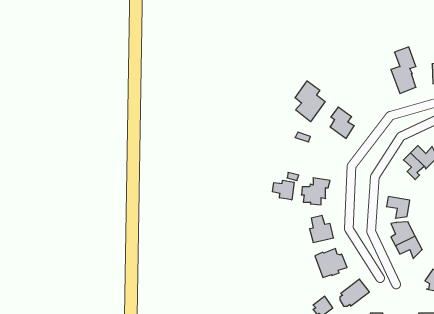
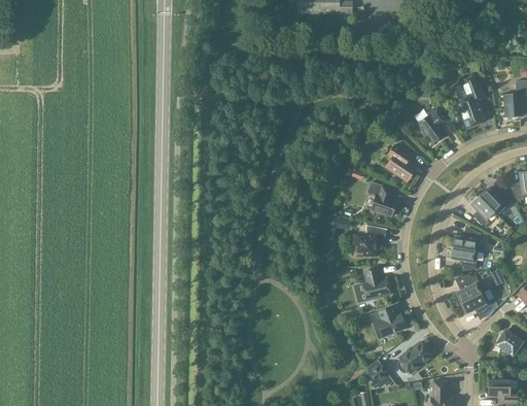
building: none -> [418,105,449,143]
building: [295,81,325,122] -> none
building: none -> [368,180,397,215]
building: none -> [454,226,482,250]
building: [272,180,294,200] -> none

